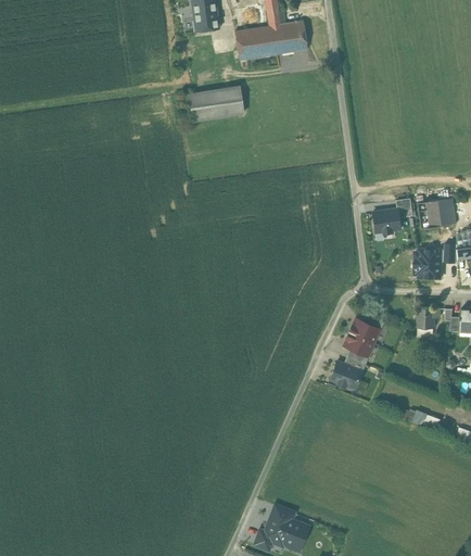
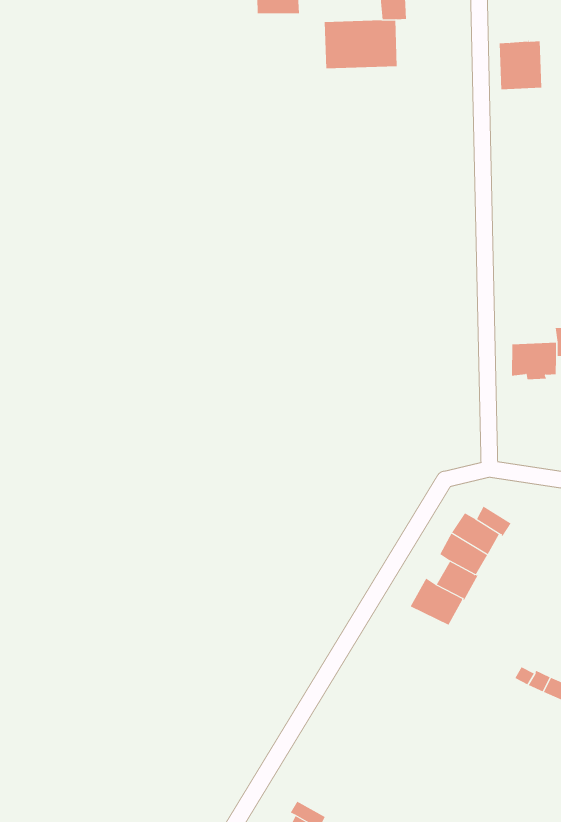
building: [278,21,307,53] -> [499,39,542,90]
building: [186,86,243,122] -> none

